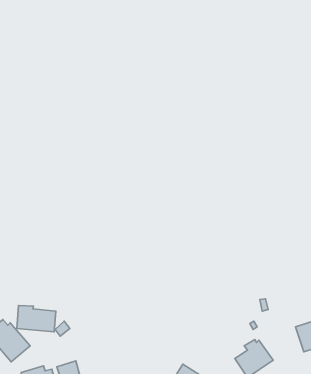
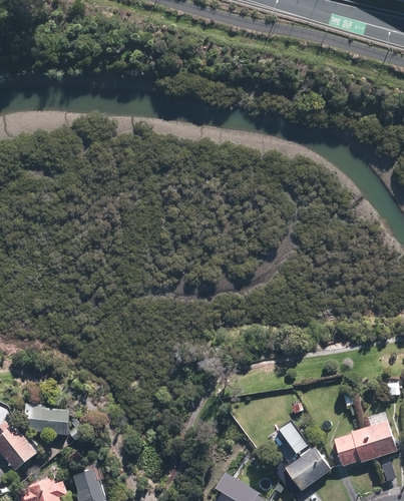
building: none -> [281,420,309,452]
building: none -> [332,429,370,467]

